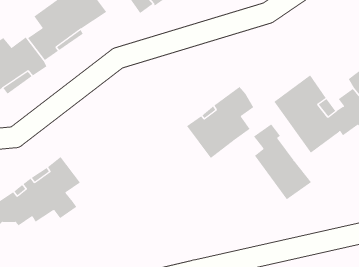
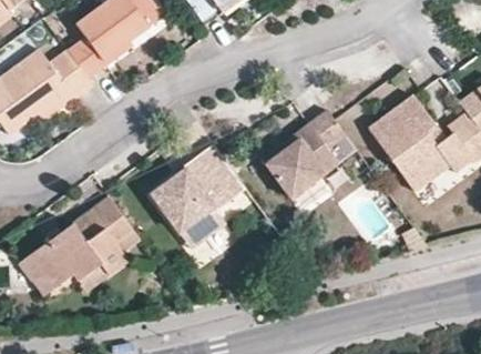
building: none -> [150,144,246,245]
building: [253,123,312,200] -> none

